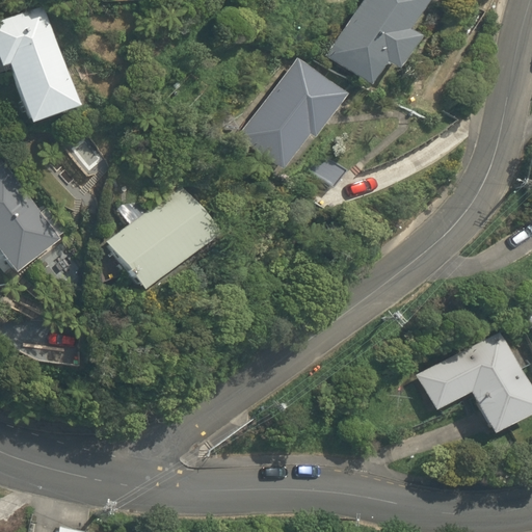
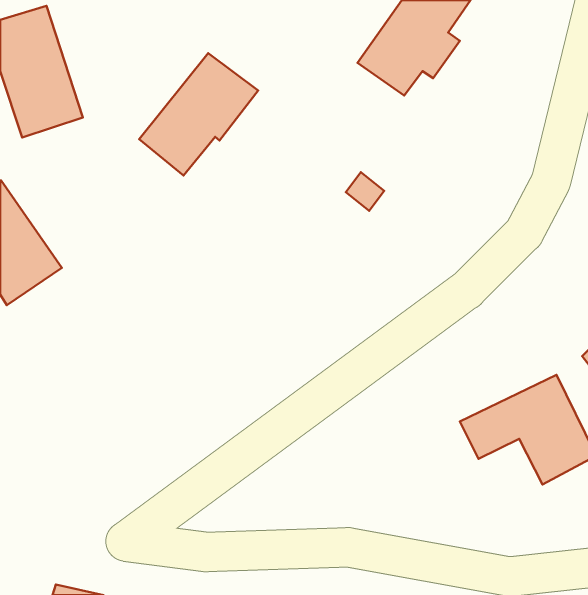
building: [239,60,345,169] -> [139,53,258,175]
building: [106,187,217,290] -> none

